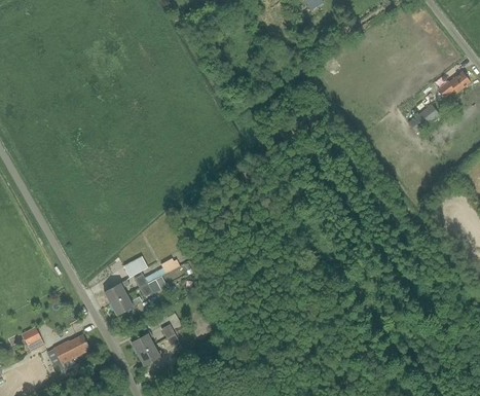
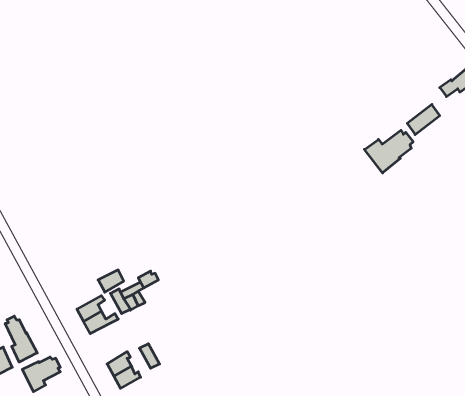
building: none -> [364,130,413,173]
building: none -> [5,316,37,362]

